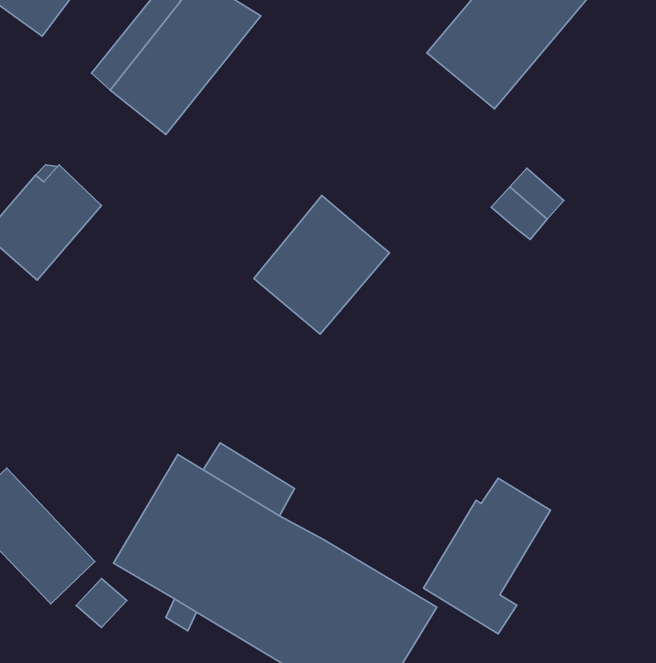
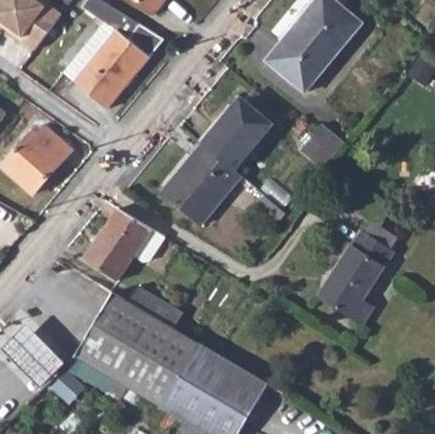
building: none -> [200,100,272,171]
building: none -> [86,209,164,283]
building: [424,478,551,634] -> [317,233,392,325]

